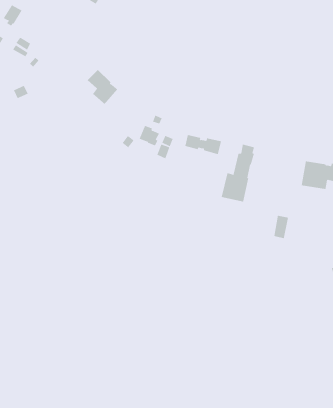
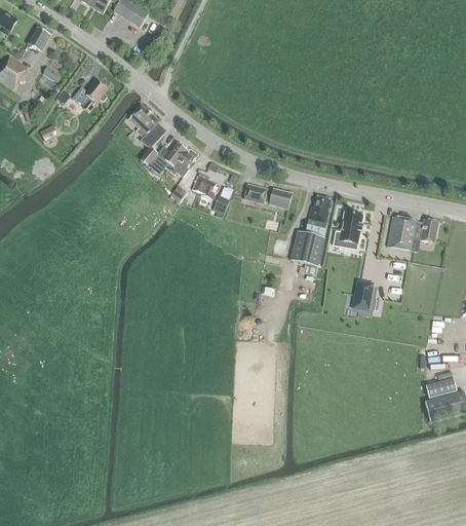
building: none -> [72,79,107,111]
building: none -> [143,142,194,175]
building: none -> [339,212,362,243]

